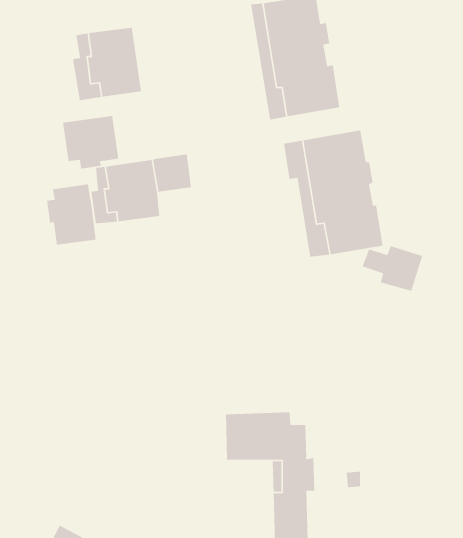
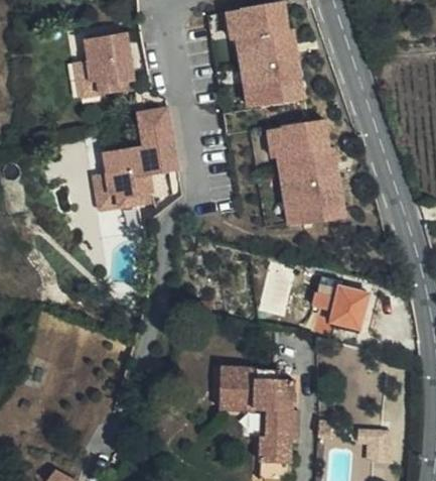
building: [62,115,119,170] -> none
building: none -> [140,109,175,145]
building: [46,184,96,246] -> none
building: [362,245,423,292] -> [316,287,371,329]

